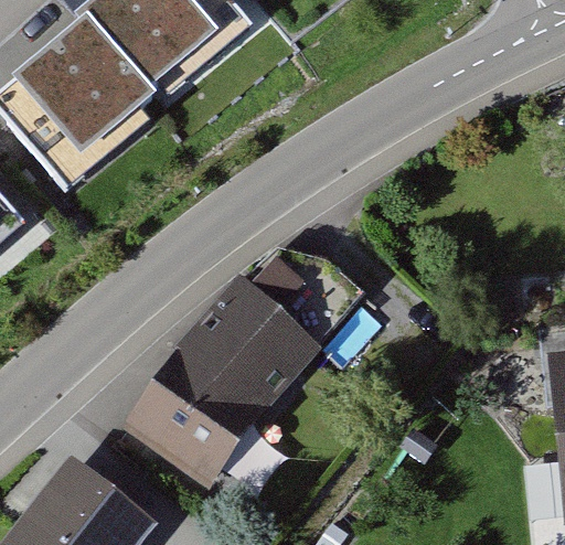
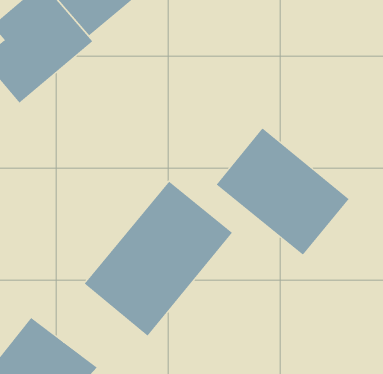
building: none -> [216,128,349,255]

